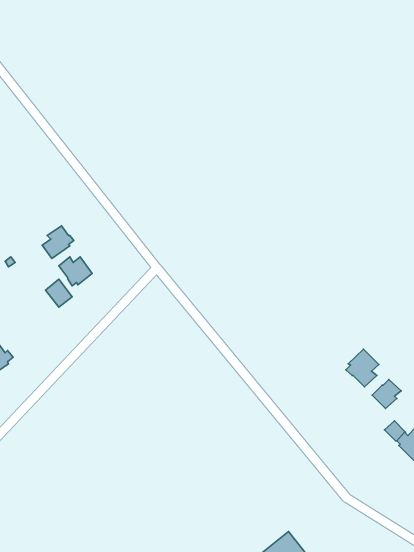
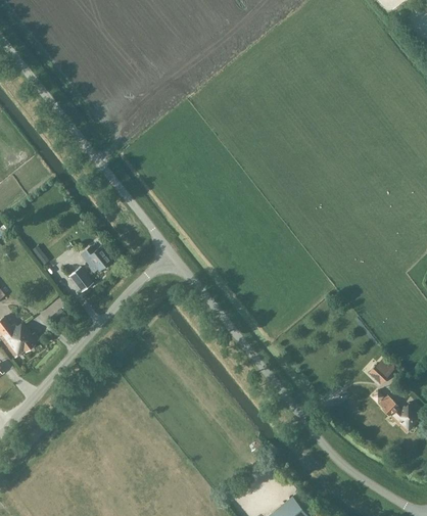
building: [42,226,74,259] -> none
building: [346,349,379,387] -> none

